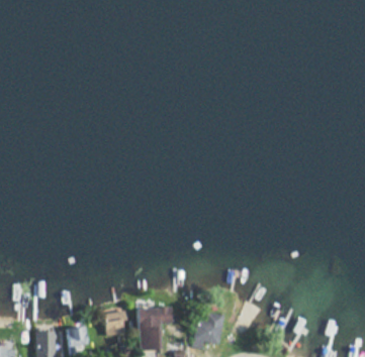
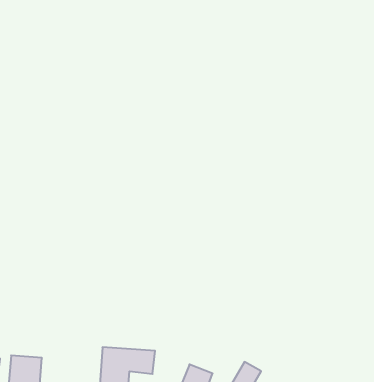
building: [102,313,125,336] -> none

